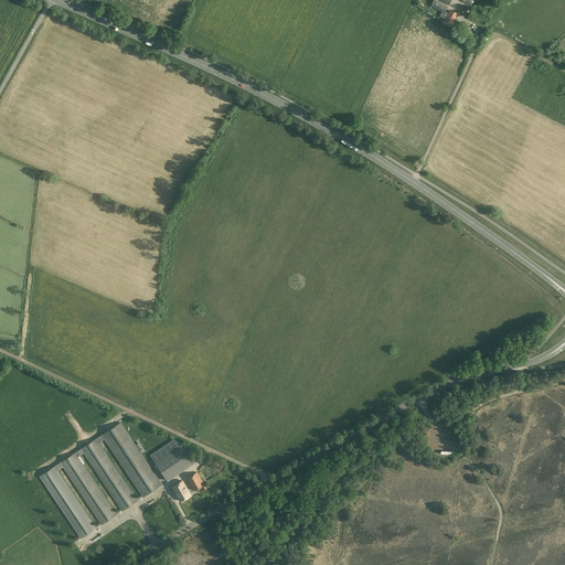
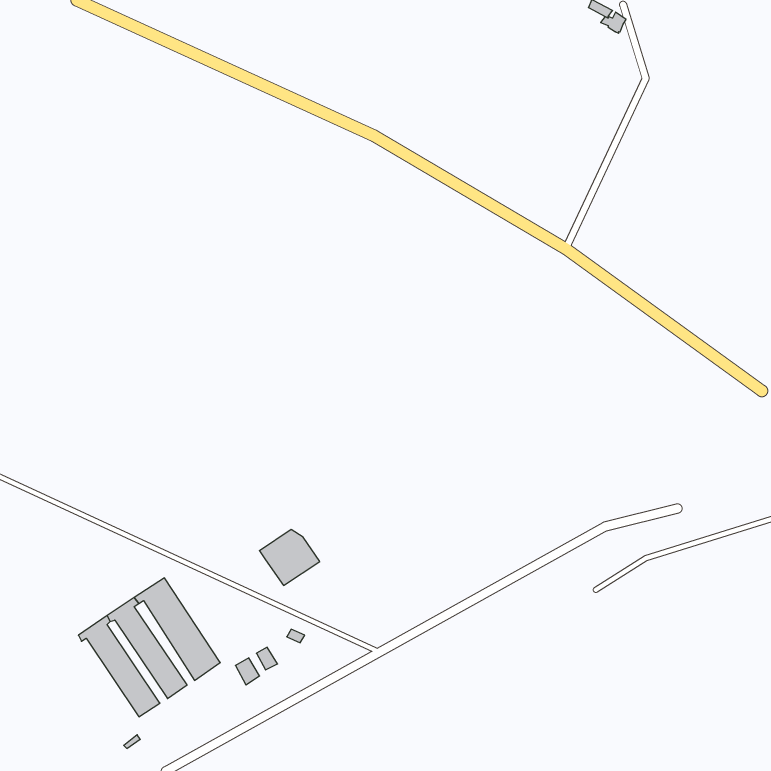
building: [150,439,194,480] -> [259,530,320,585]
building: [40,465,96,539] -> none

